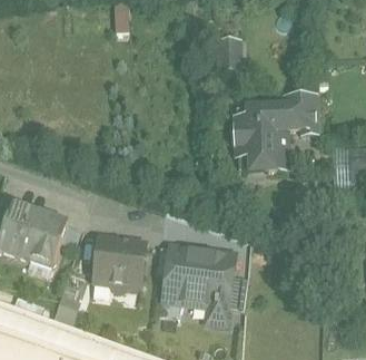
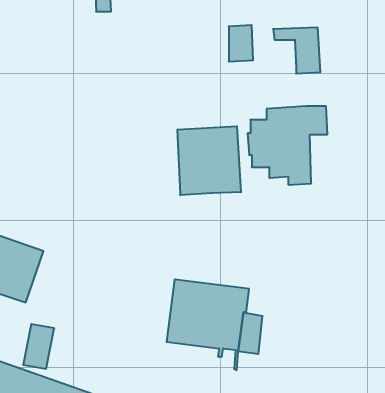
building: [280,95,319,133] -> [273,28,320,74]
building: none -> [178,126,241,195]
building: [93,239,145,290] -> none

